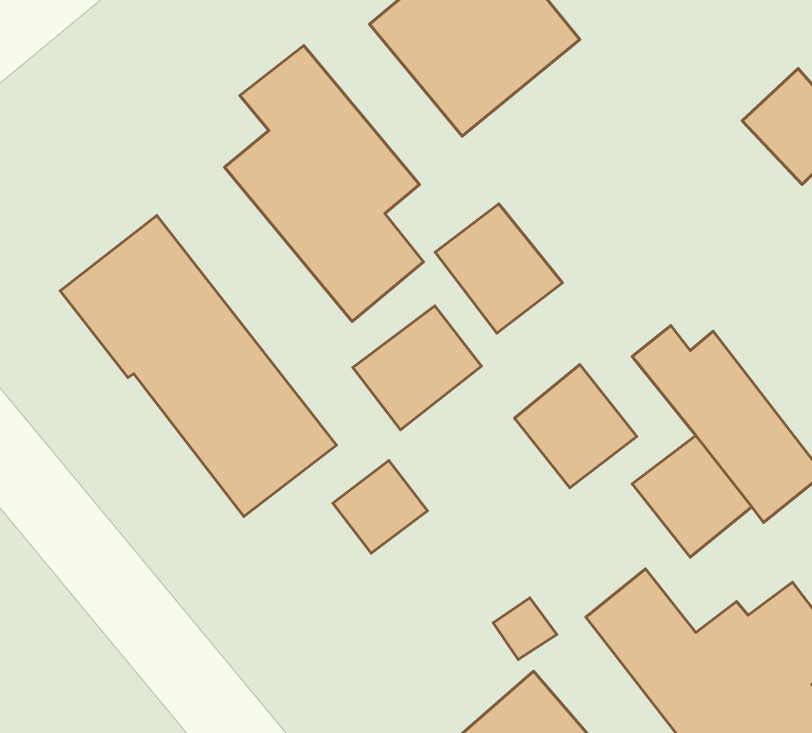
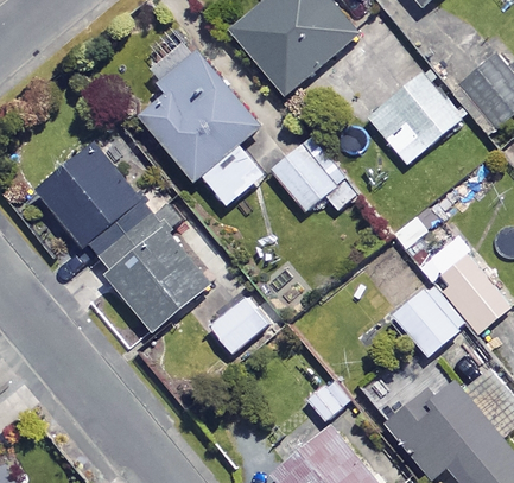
building: none -> [366,72,458,163]
building: [353,306,482,430] -> none
building: [515,365,637,488] -> none

